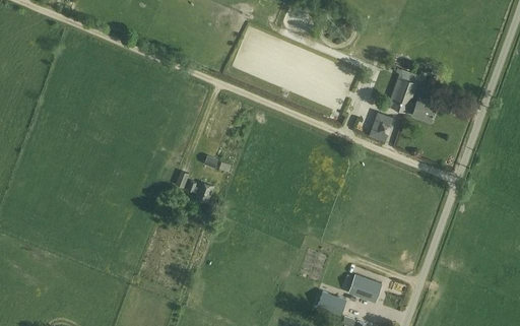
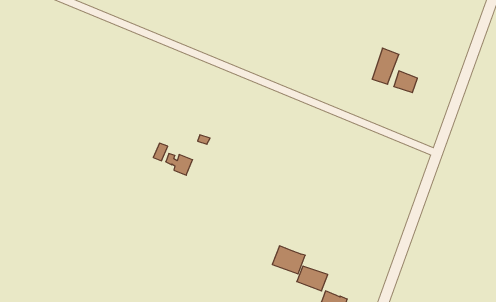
building: [368,112,392,140] -> none
building: [348,273,381,301] -> [272,246,305,274]

